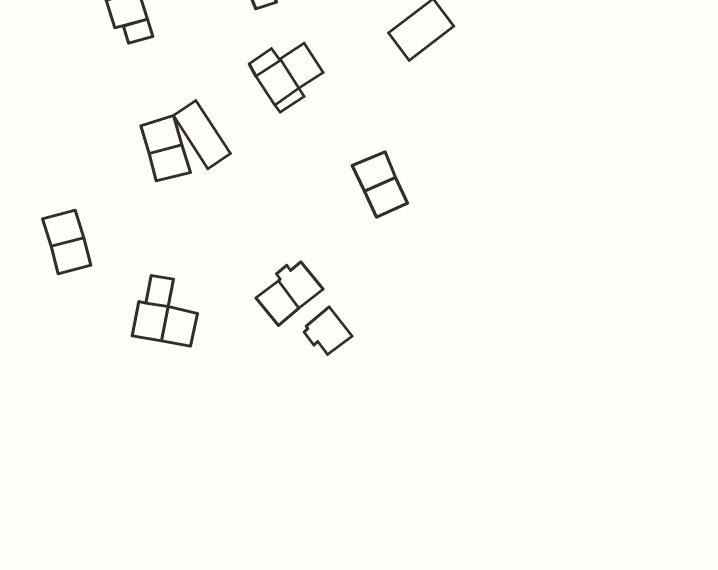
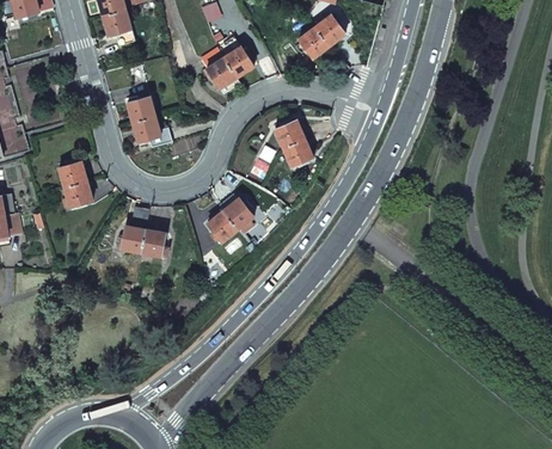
building: [173,100,230,169] -> none
building: [304,307,352,354] -> none

